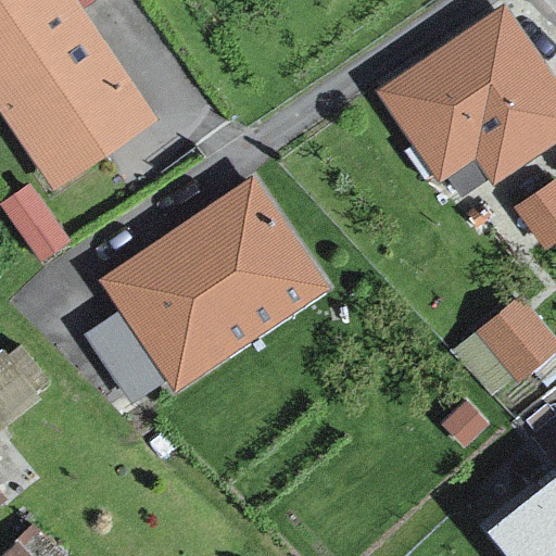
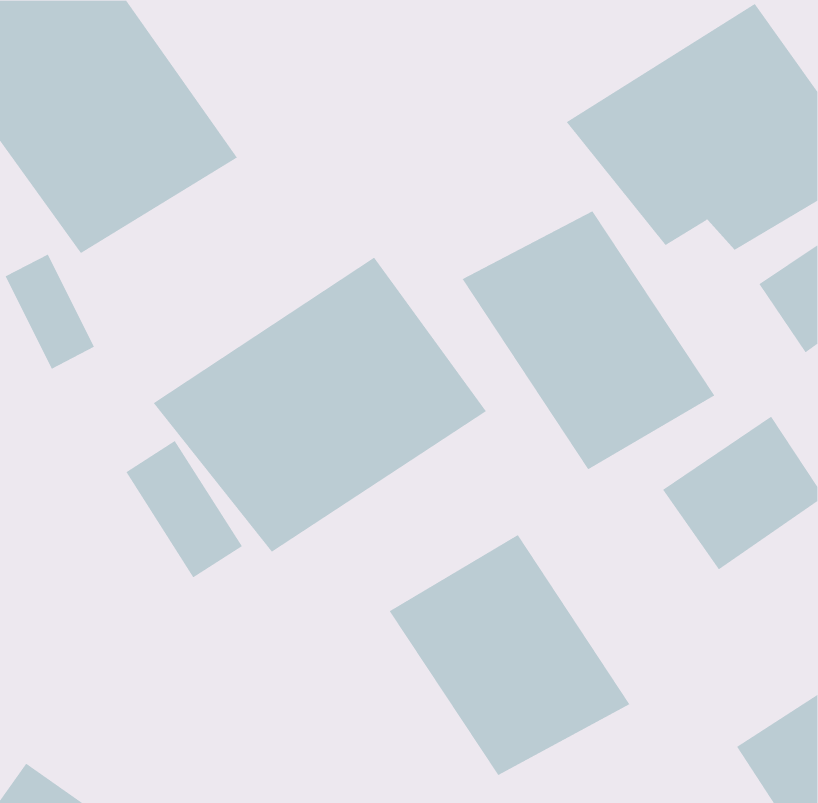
building: none -> [462,210,715,470]
building: none -> [389,534,630,776]

